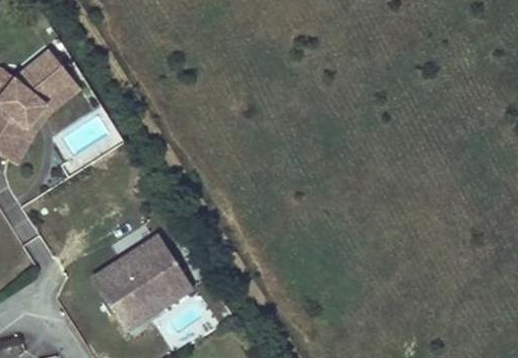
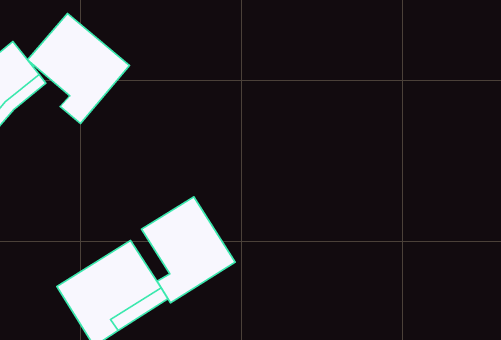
building: none -> [28,14,129,124]
building: none -> [142,197,235,303]

